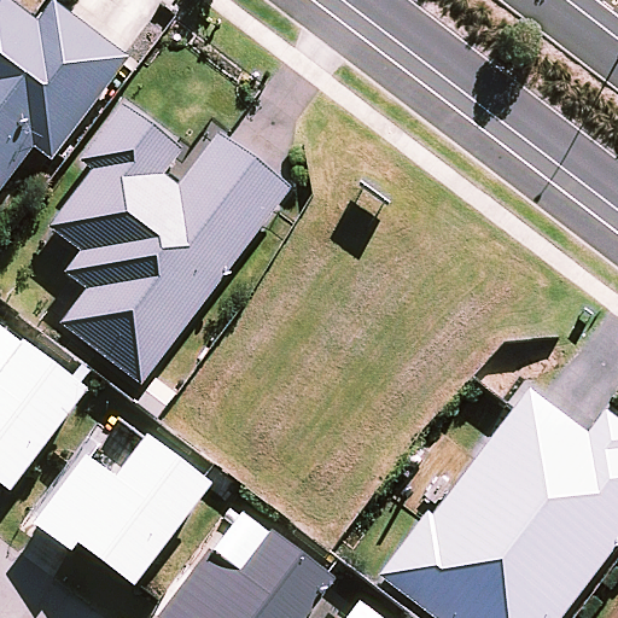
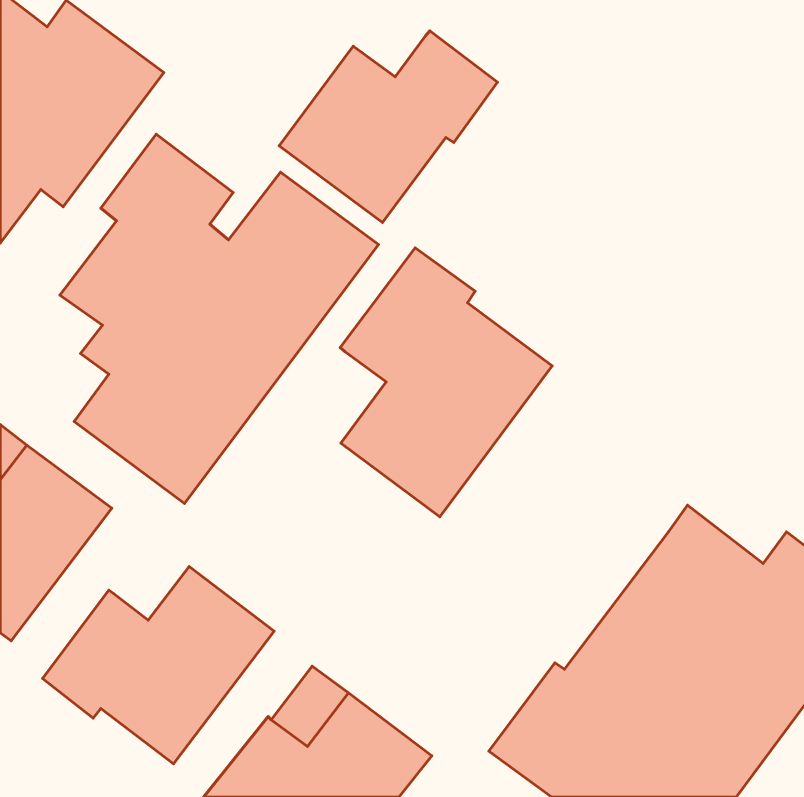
building: none -> [279,31,498,223]
building: none -> [340,248,552,517]

